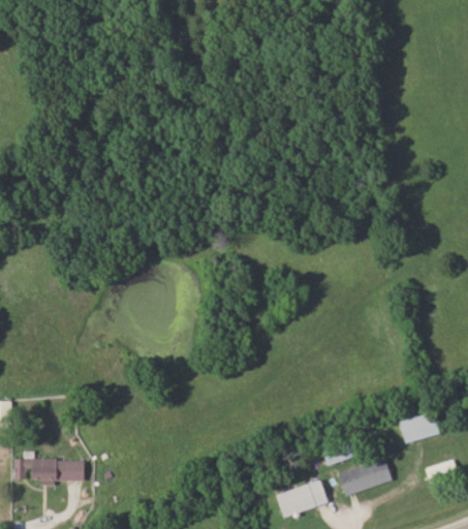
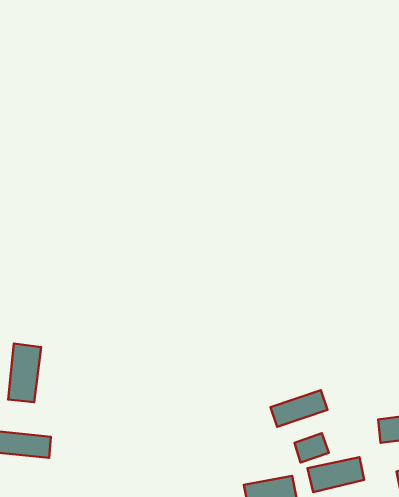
building: none -> [8,344,41,402]
building: none -> [271,390,328,427]

